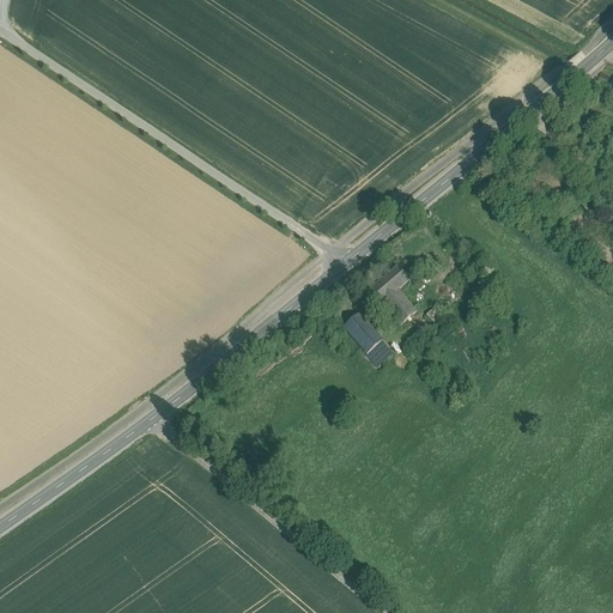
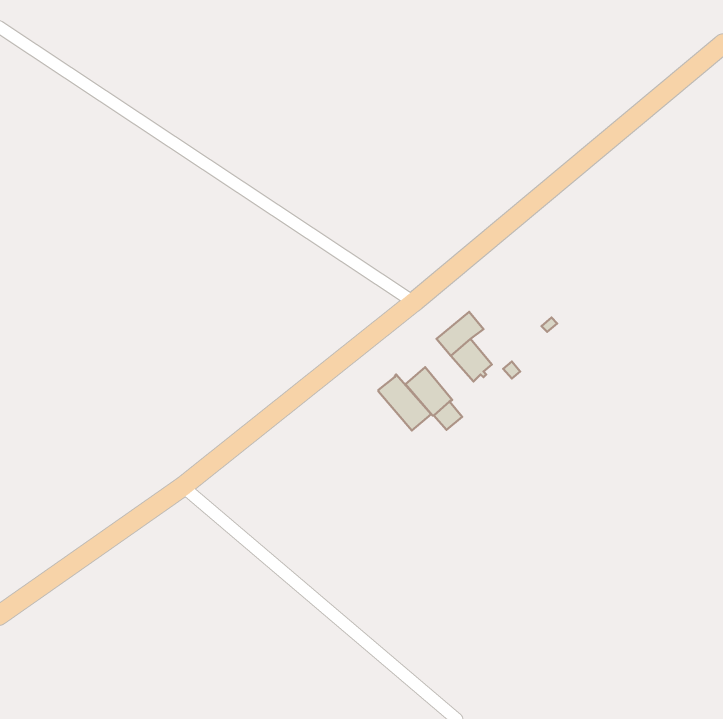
building: none -> [379,375,431,431]

